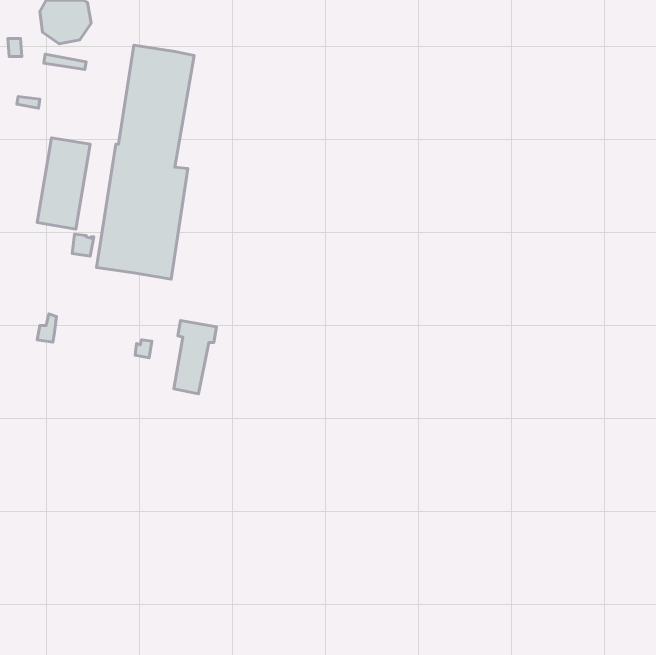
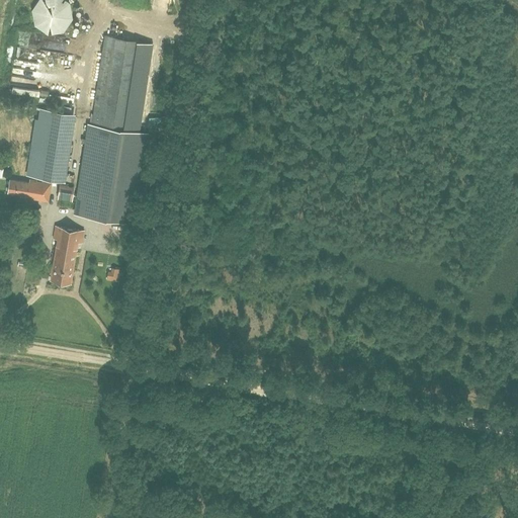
building: none -> [7,181,51,203]
building: [174,321,216,394] -> [50,228,83,285]

